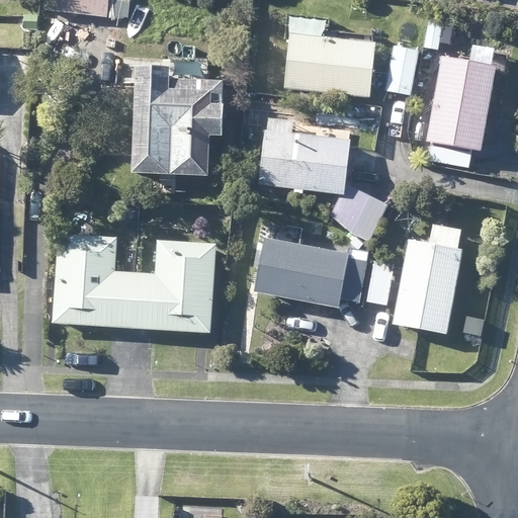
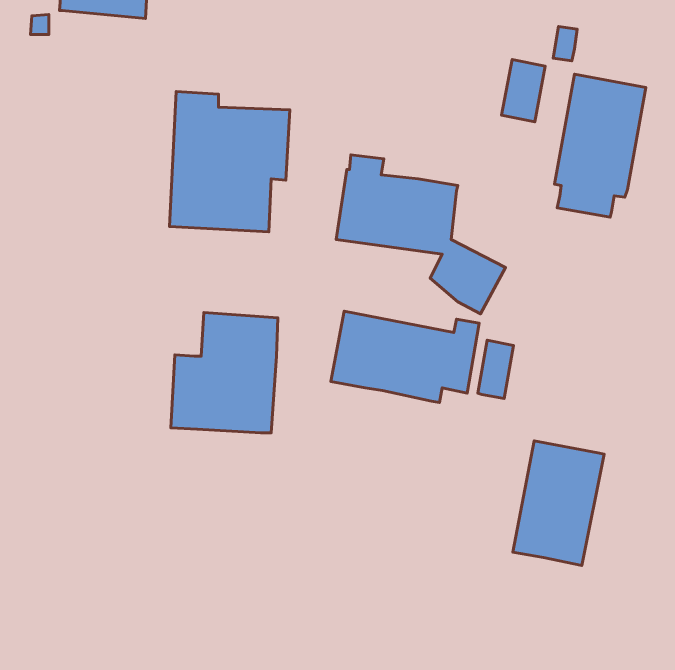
building: [284,17,375,97] -> none
building: [53,233,135,327] -> none
building: [392,239,461,334] -> [513,441,604,565]

